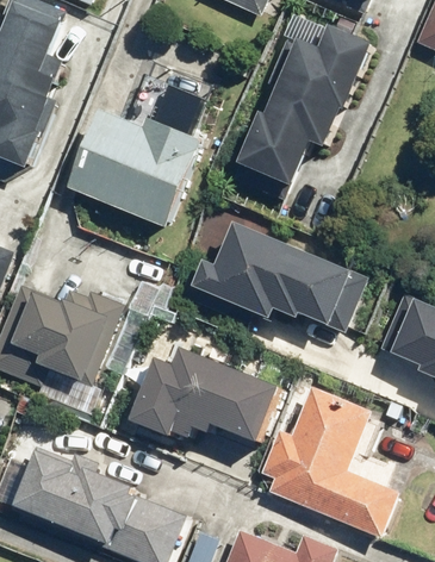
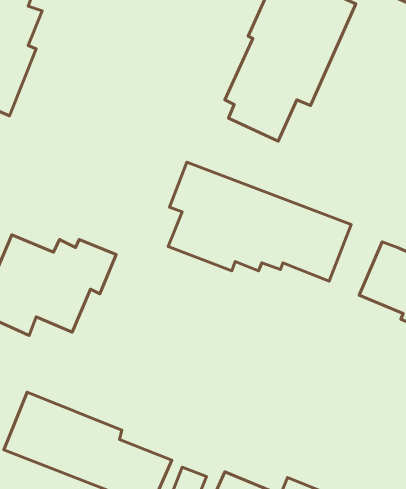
building: [61,82,197,224] -> none
building: [133,349,281,444] -> none
building: [260,387,403,539] -> none

